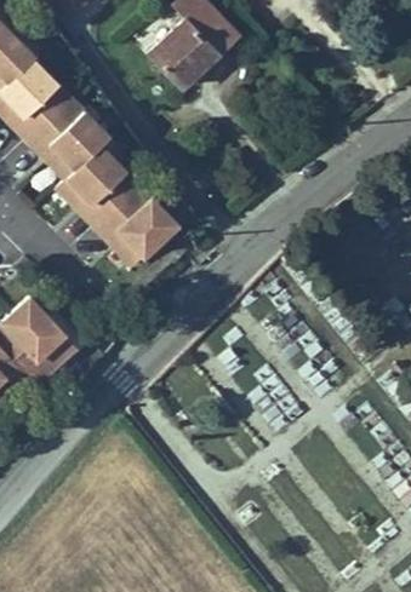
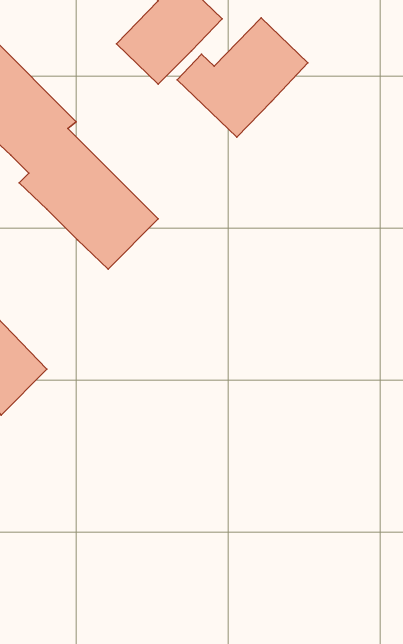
building: none -> [177,18,308,137]

